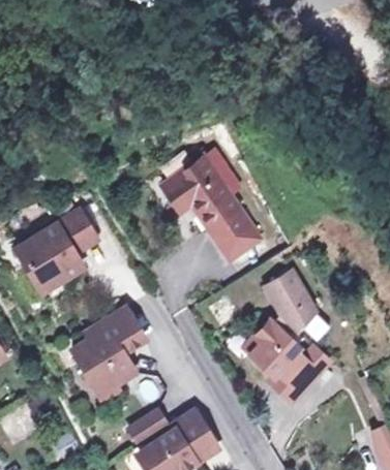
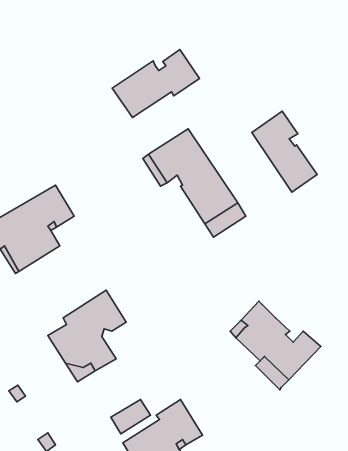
building: none -> [112,50,200,118]
building: none -> [252,111,317,192]
building: [263,270,312,334] -> none

